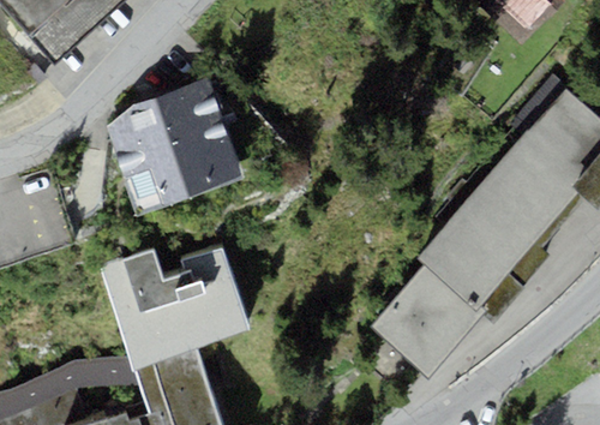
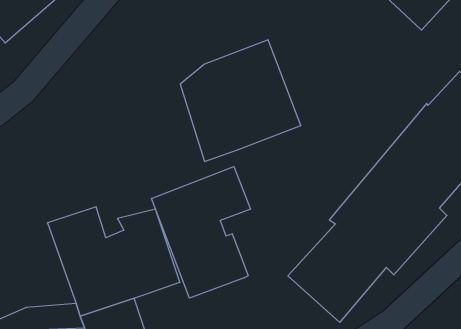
building: [107,76,244,214] -> [180,40,301,161]
building: none -> [151,167,250,298]

